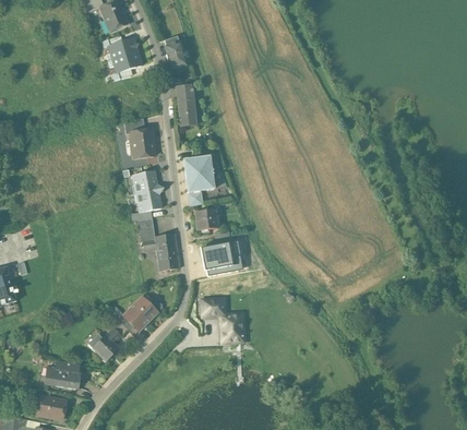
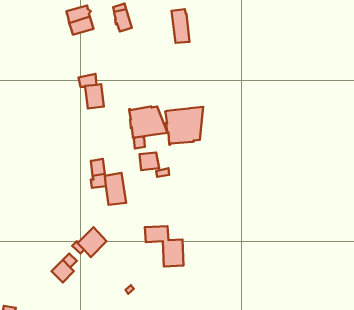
building: [175,84,195,123] -> [172,9,189,43]
building: none -> [165,107,203,145]
building: [132,171,163,212] -> none
building: [202,242,237,276] -> none
building: [44,360,79,389] -> none

